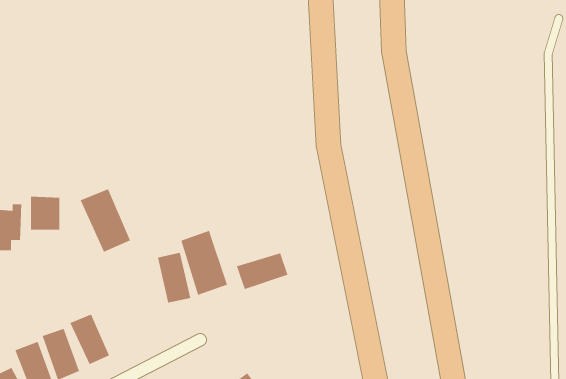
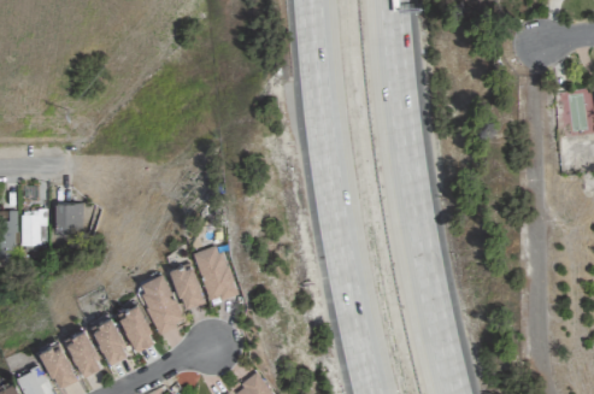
building: [80,188,131,252] -> [136,270,183,329]
building: [236,252,288,290] -> none
building: none -> [116,301,154,349]

